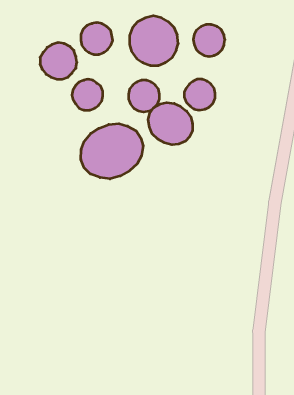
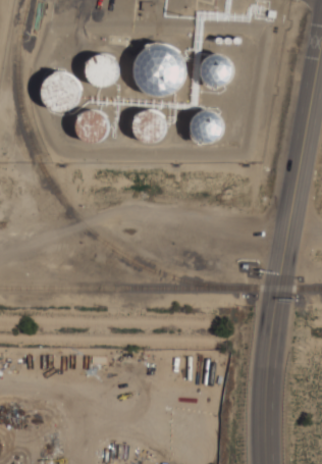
building: [148,103,192,145] -> none
building: [81,124,143,179] -> none

